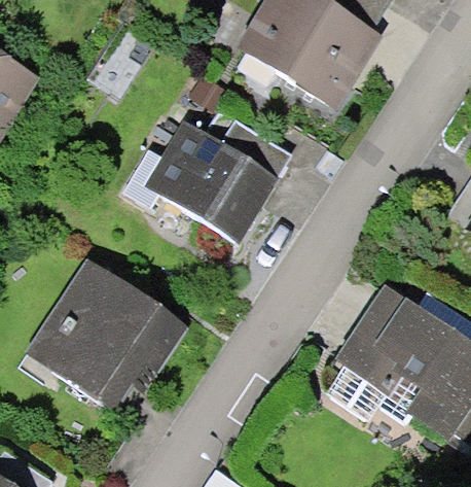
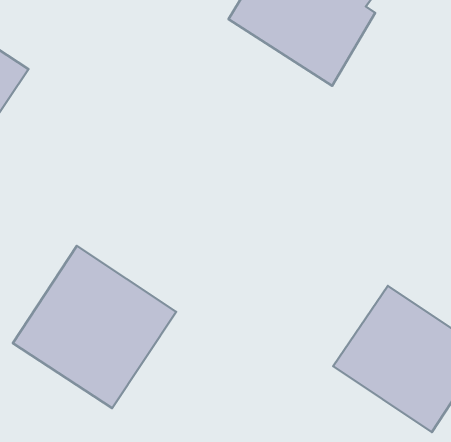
building: [146,113,291,236] -> none

